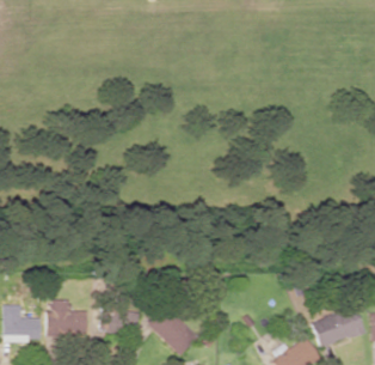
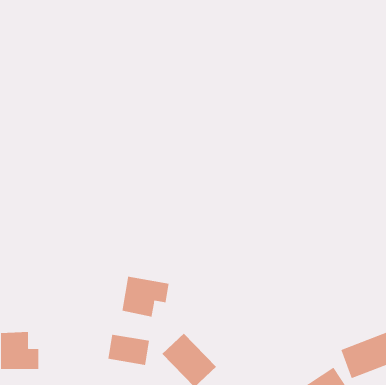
building: none -> [122,276,169,318]
building: [45,300,87,336] -> none

